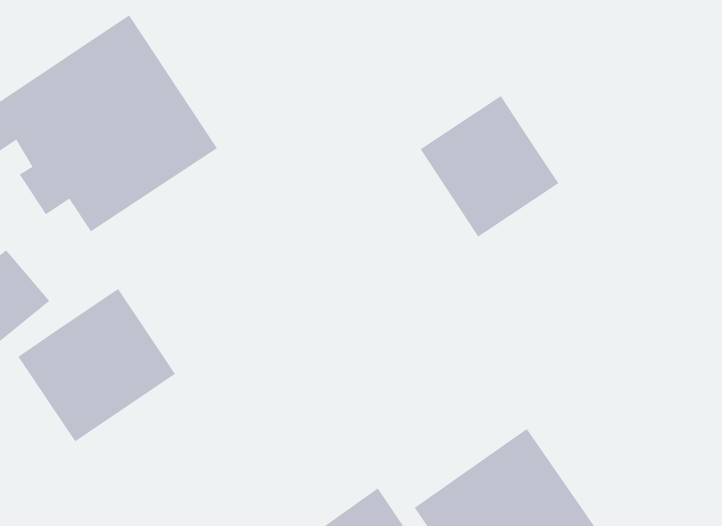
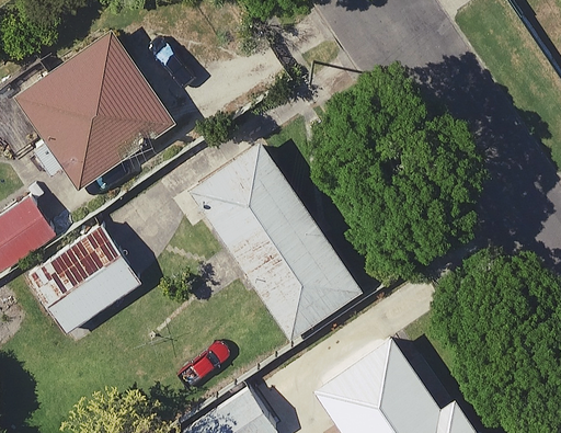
building: [420,95,559,237] -> none
building: none -> [192,143,360,338]

